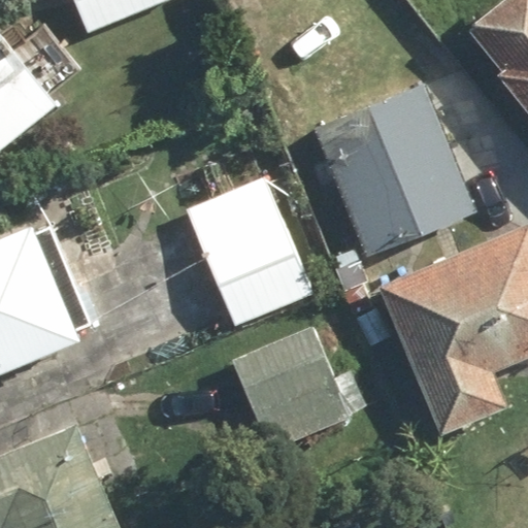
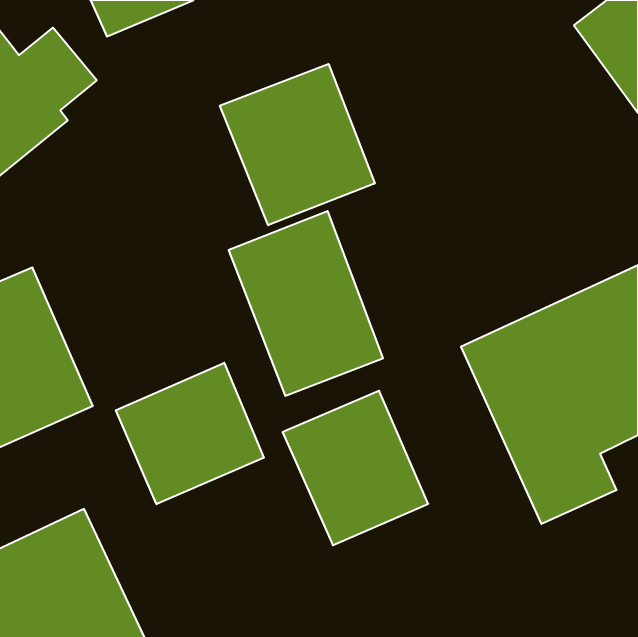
building: none -> [220,64,375,225]
building: [312,82,475,259] -> none
building: none -> [116,363,264,504]

